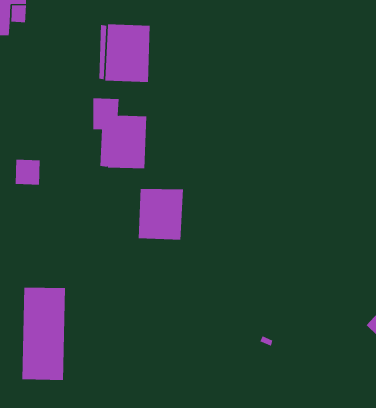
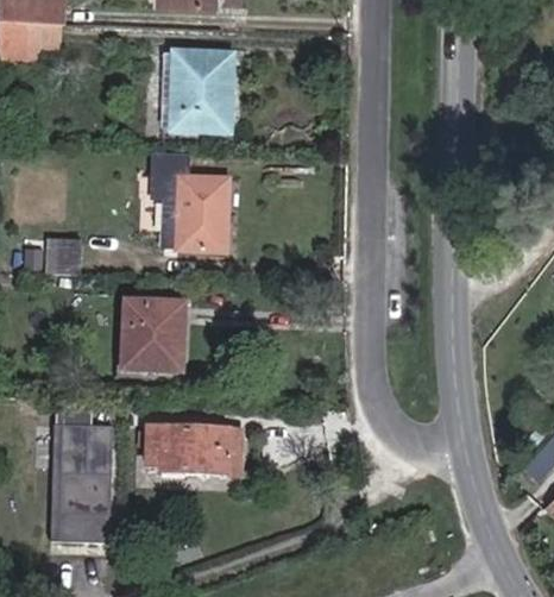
building: [138,188,184,240] -> [121,300,184,371]
building: none -> [145,426,240,473]

